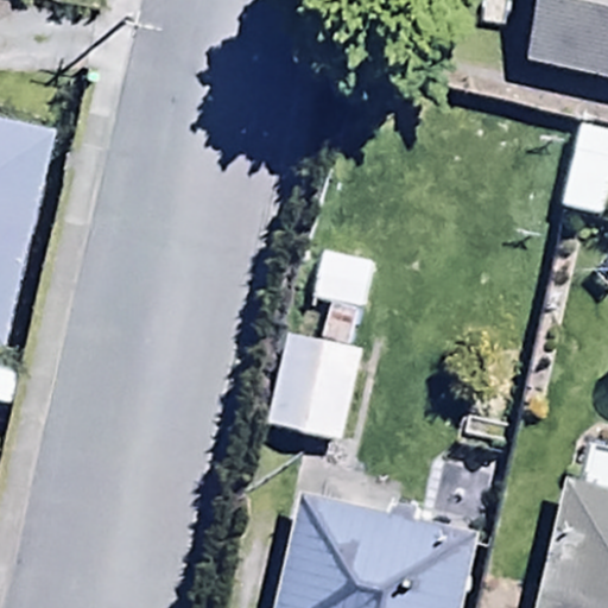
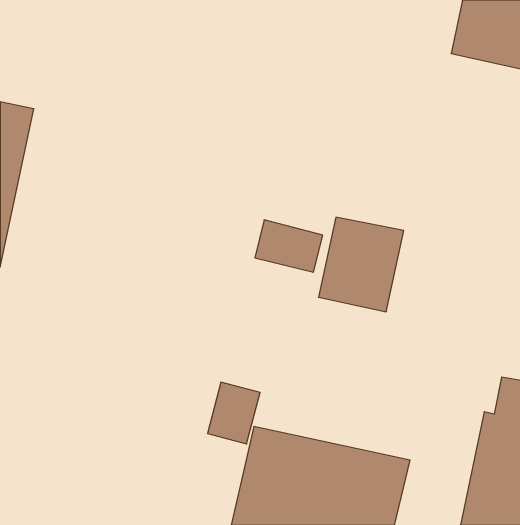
building: [265,334,363,443] -> [318,217,404,312]

